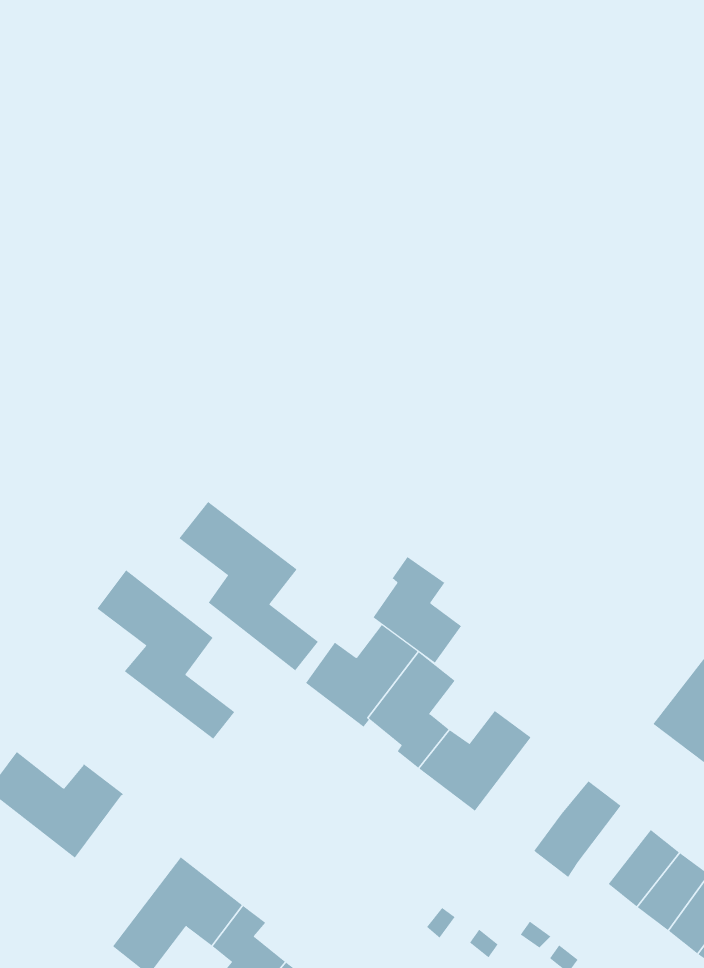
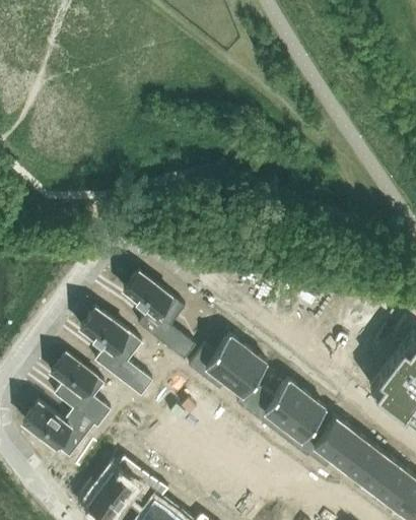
building: [373,556,462,664] -> none
building: none -> [51,354,111,428]
building: none -> [277,395,326,457]
building: none -> [331,431,368,471]

